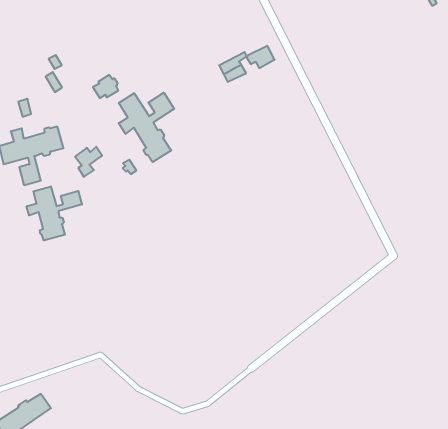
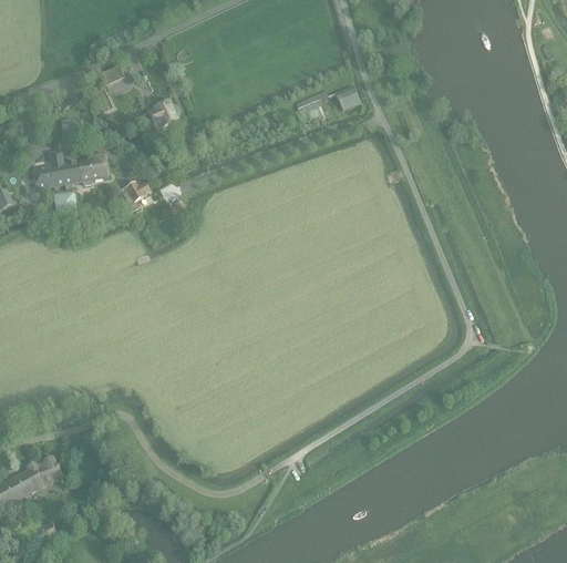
building: [119,93,174,162] -> none
building: [27,186,82,240] -> none

